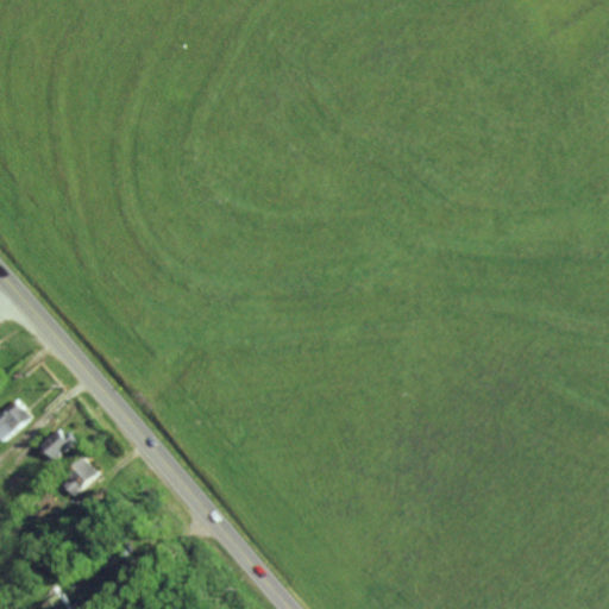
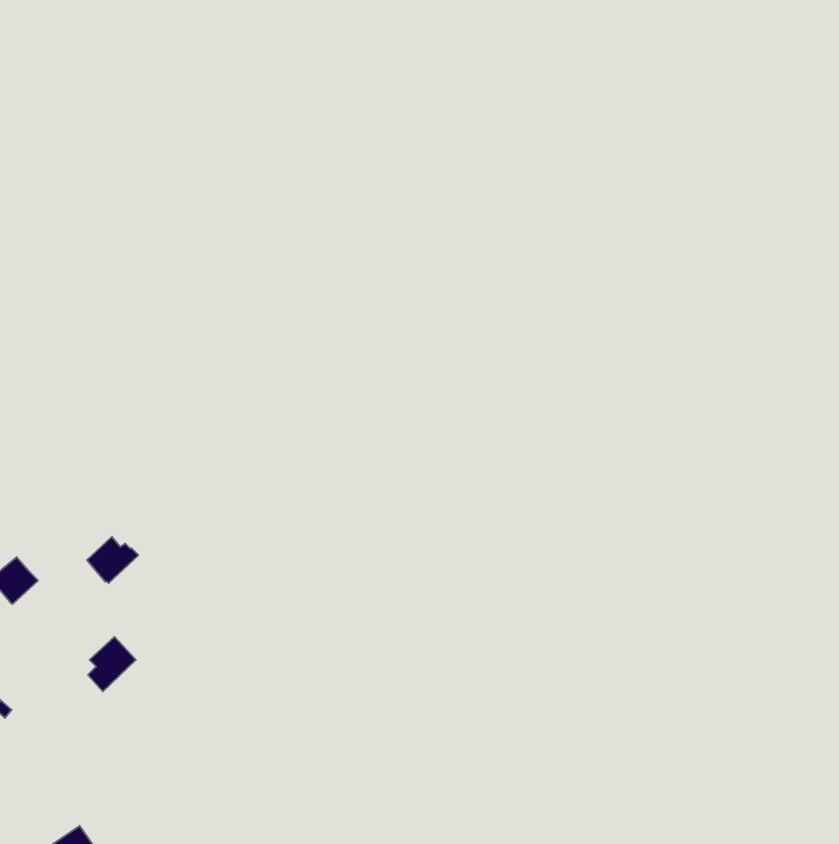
building: [38,429,75,463] -> [87,537,138,583]

